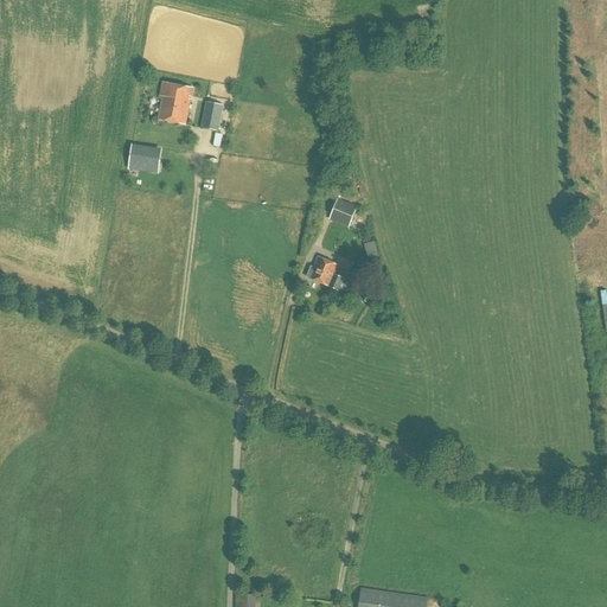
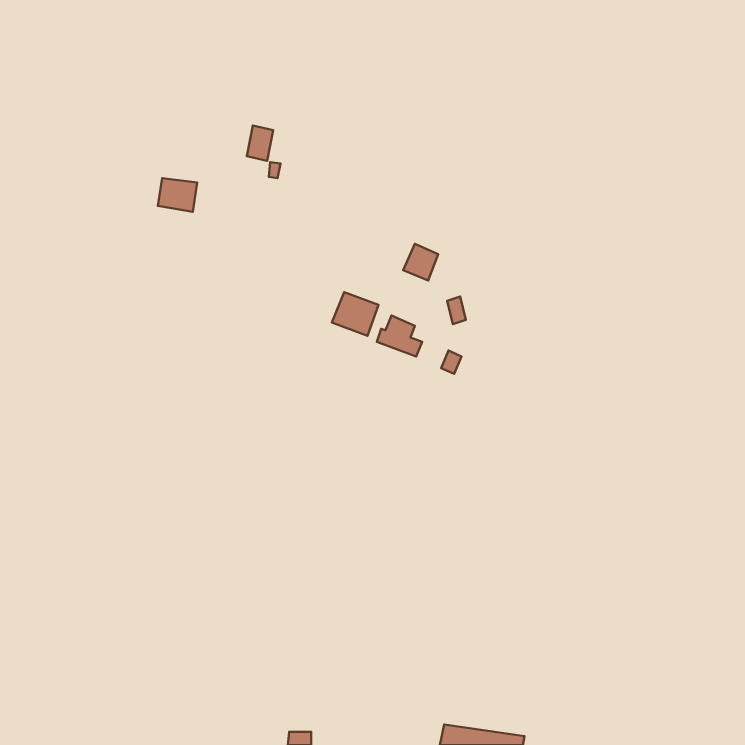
building: [158,82,192,124] -> none
building: none -> [332,292,378,336]

